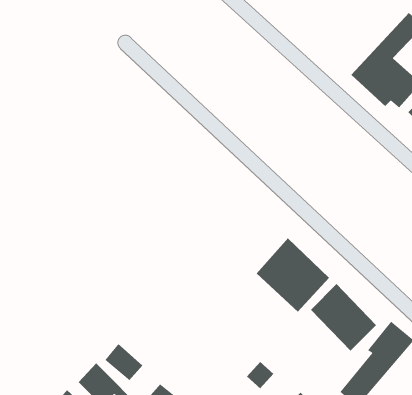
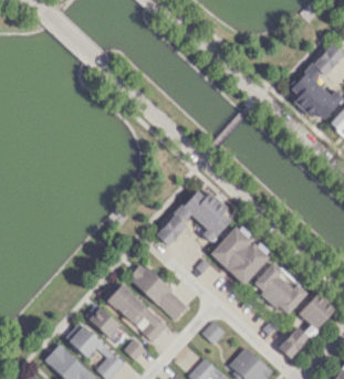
building: none -> [155,185,230,245]
building: none -> [129,262,187,320]
building: none -> [107,284,166,341]

